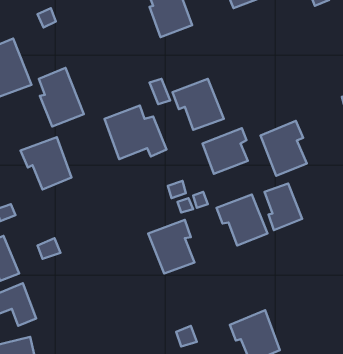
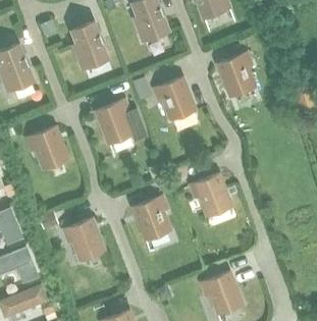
building: [39,68,84,126] -> [71,20,109,69]
building: [260,121,307,176] -> [217,51,256,97]
building: [203,128,248,174] -> none
building: [264,184,302,230] -> none
building: none -> [62,217,105,261]

